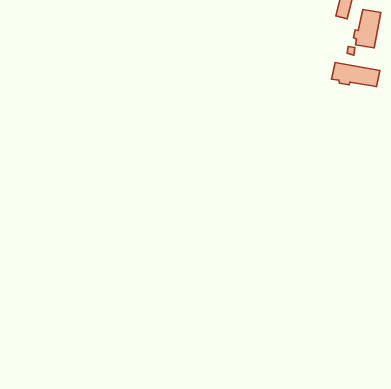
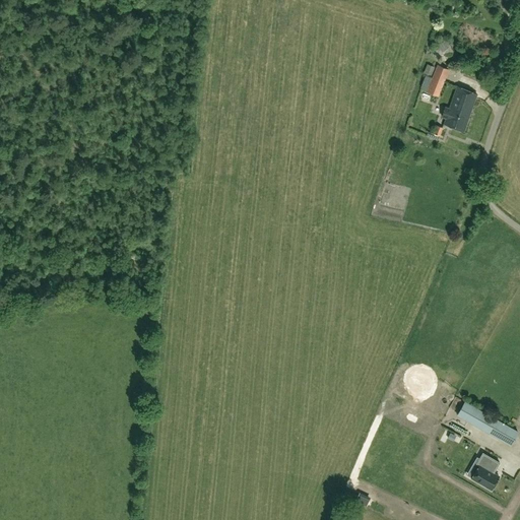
building: [332,62,380,87] -> none

